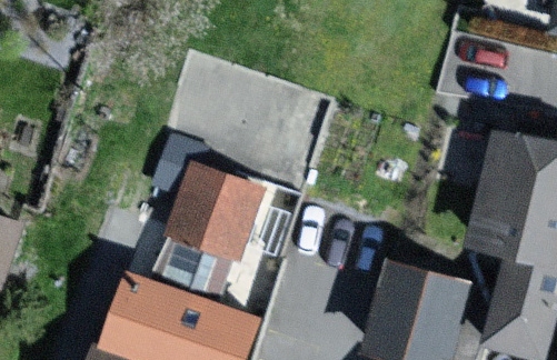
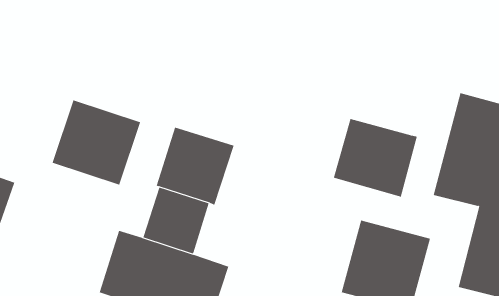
building: none -> [52,100,141,185]
building: none -> [333,118,418,197]

